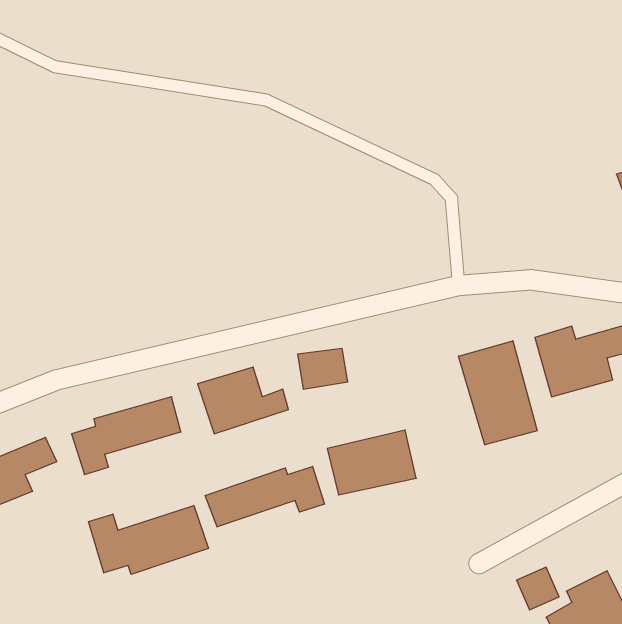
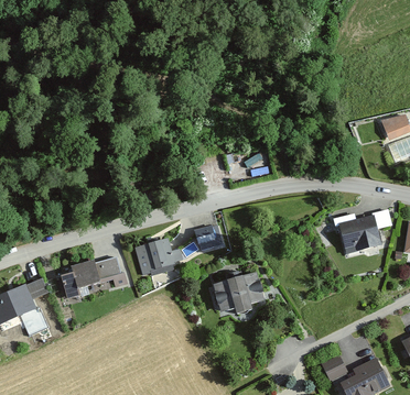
building: [458,341,537,445] -> none
building: [205,466,324,527] -> none
building: [88,505,209,574] -> none

